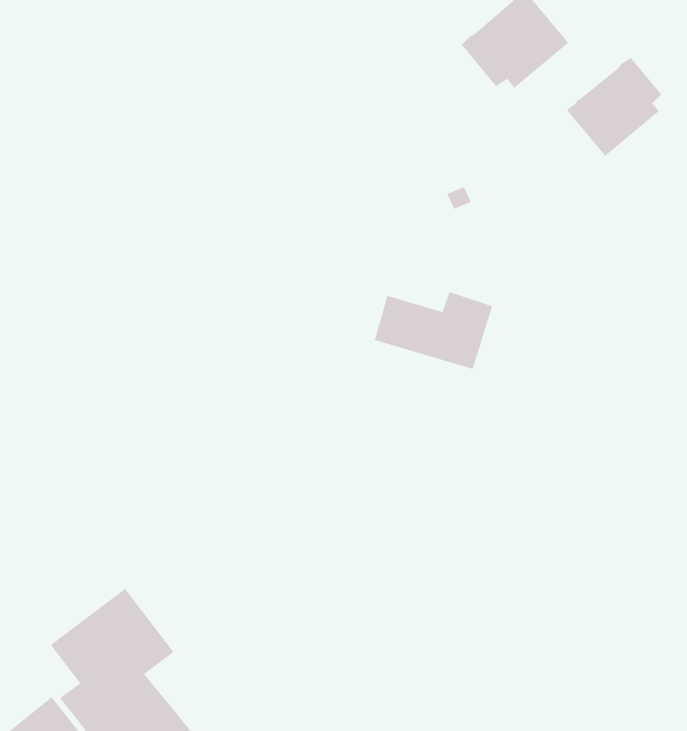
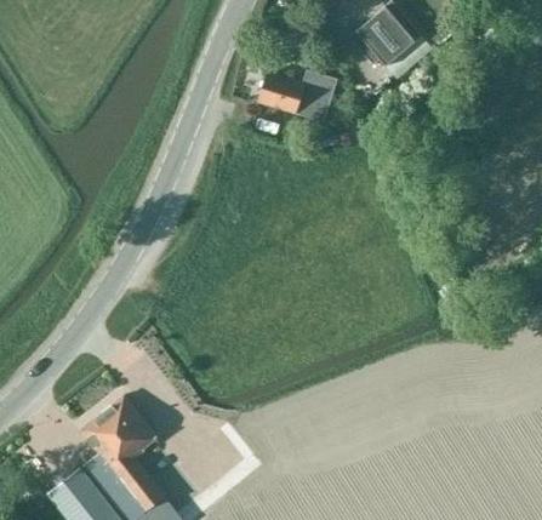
building: [566,57,662,157] -> none
building: [374,291,493,370] -> [258,72,337,124]

